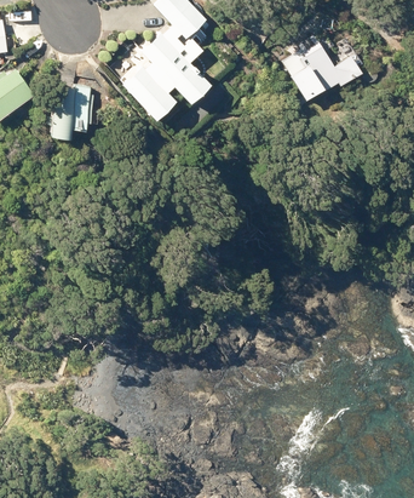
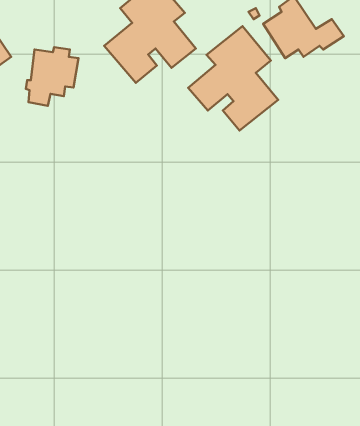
building: none -> [188,26,278,131]

